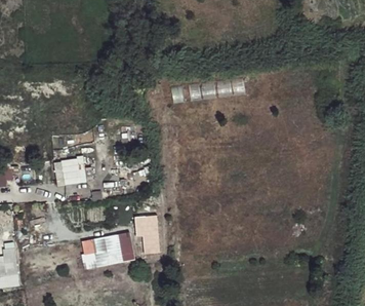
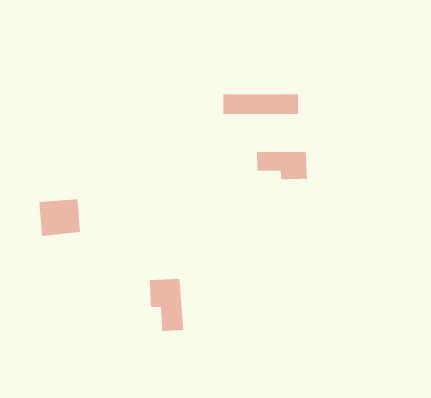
building: none -> [256,151,308,180]
building: [82,231,135,268] -> none

